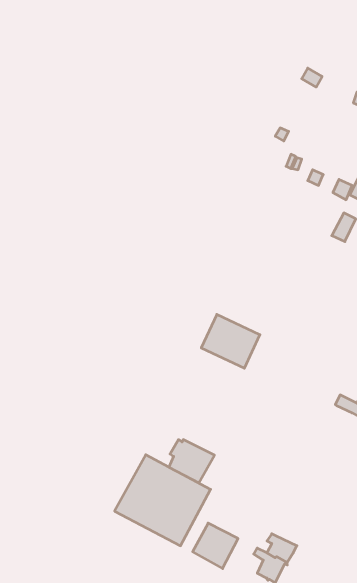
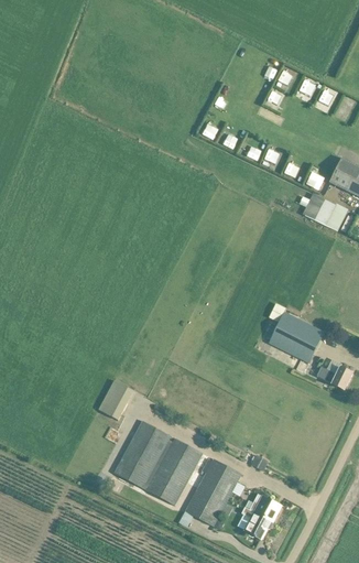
building: [201,314,260,368] -> [268,312,322,361]
building: none -> [97,380,132,420]
building: [169,440,214,483] -> [198,458,240,498]

